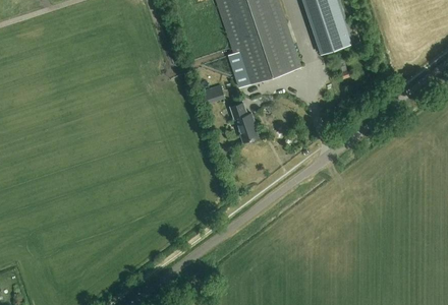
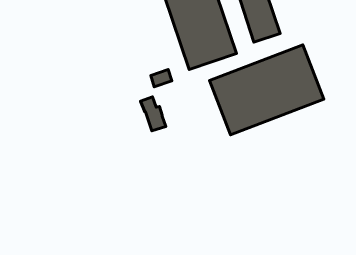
building: none -> [209,45,324,135]
building: [229,103,259,142] -> [140,97,166,131]

